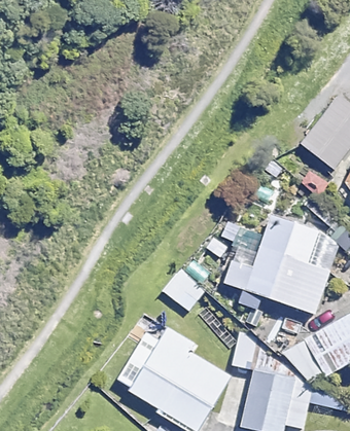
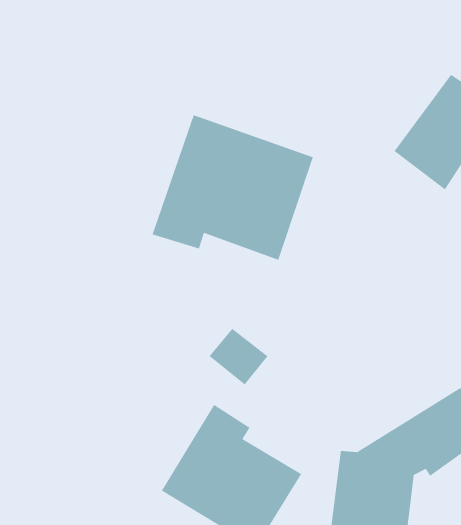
building: none -> [152,114,314,261]
building: [223,213,328,314] -> none

